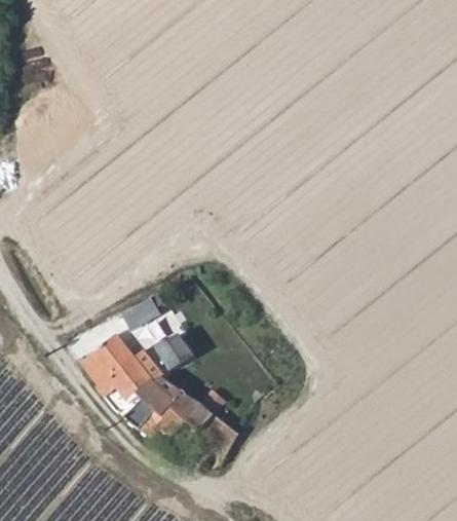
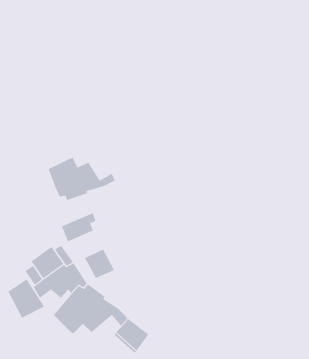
building: none -> [48,157,116,201]
building: none -> [8,278,45,319]

